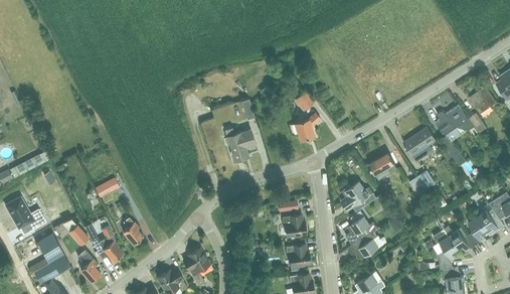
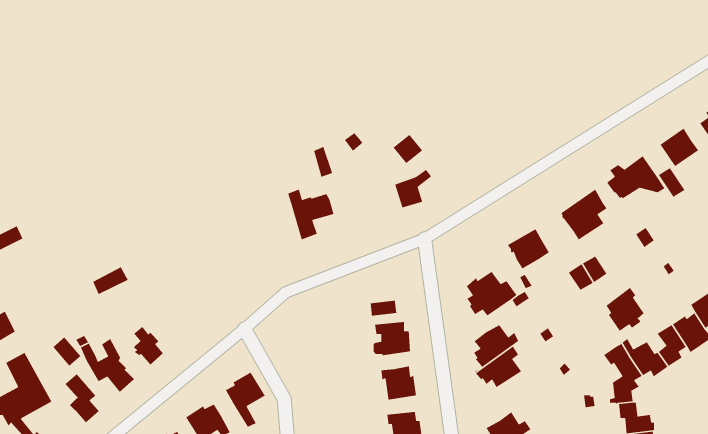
building: none -> [605,287,644,332]

